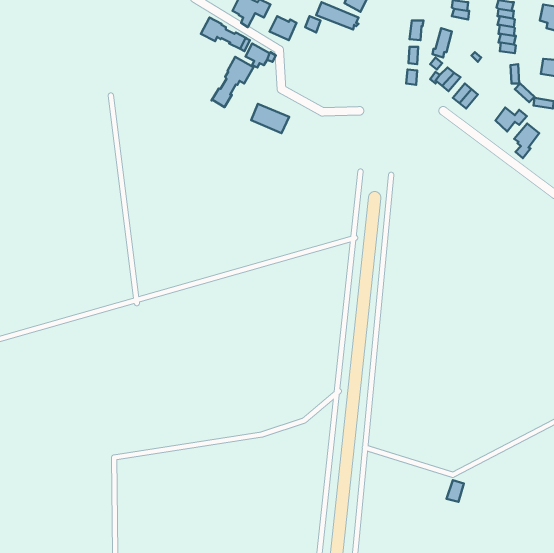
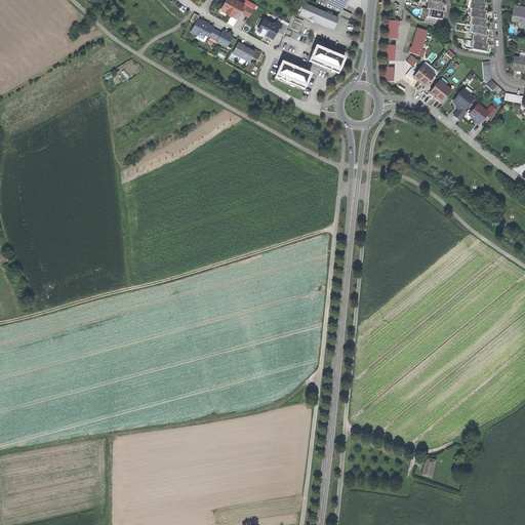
building: none -> [310,44,346,73]
building: [212,57,253,107] -> none
building: [251,104,289,133] -> [276,60,312,88]
building: [514,123,539,158] -> [452,87,476,120]

